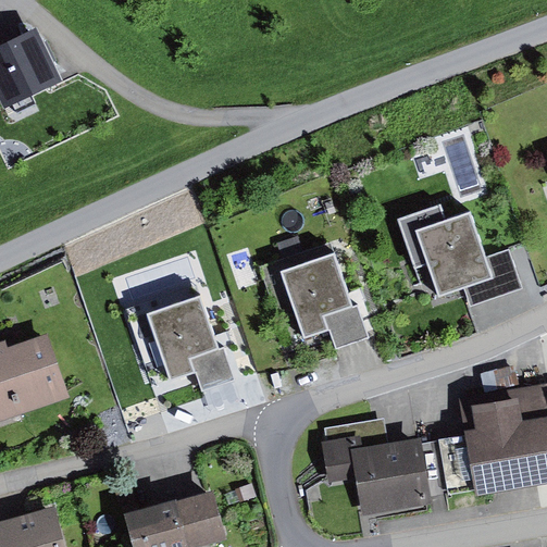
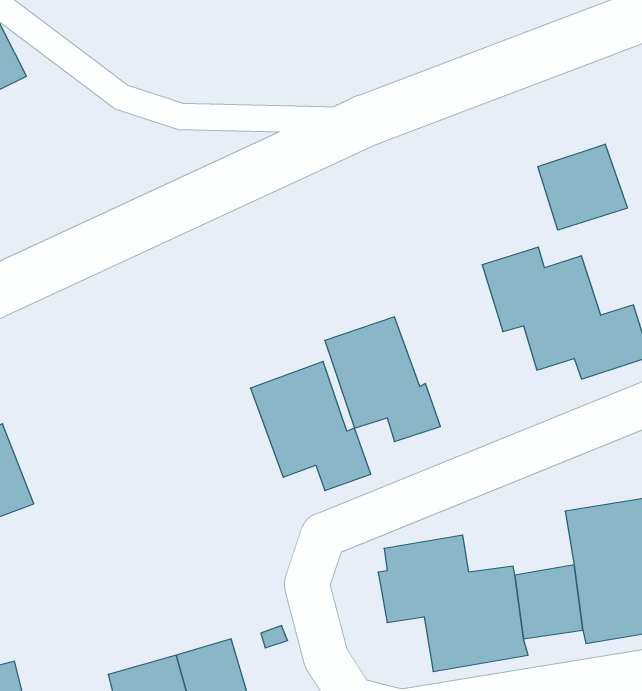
building: none -> [538,144,627,230]
building: [146,296,234,390] -> [250,361,371,491]

